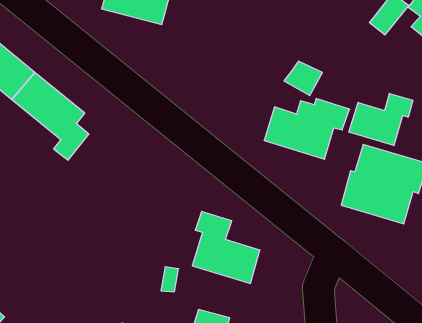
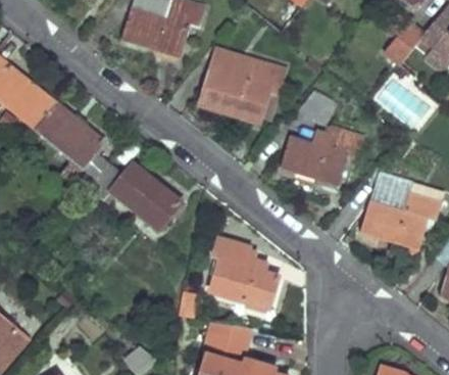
building: none -> [200,49,285,123]
building: [349,93,413,146] -> none
building: none -> [90,161,179,227]

